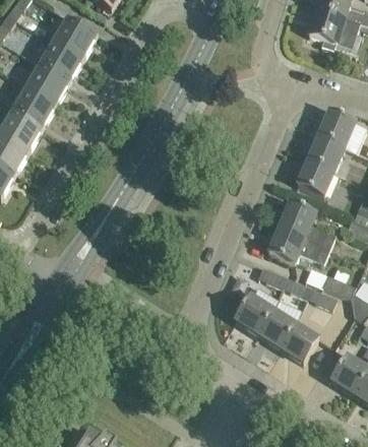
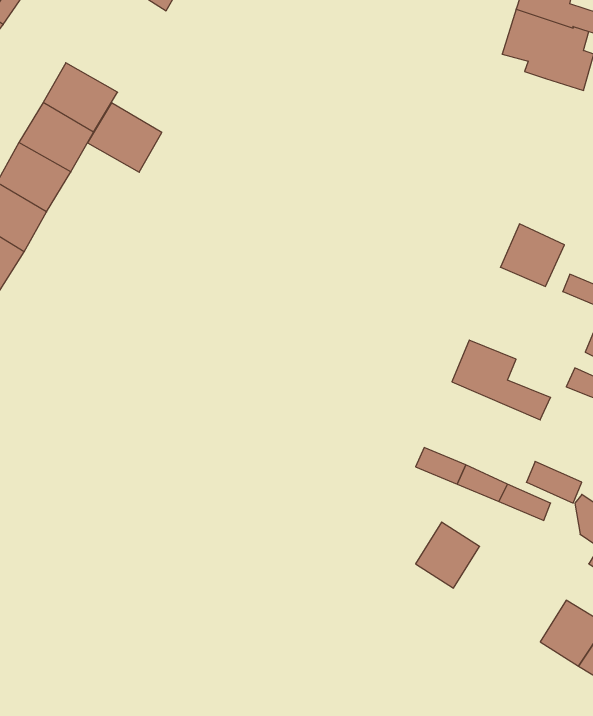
building: [52,16,96,57] -> [87,103,162,172]
building: [318,110,355,146] -> none
building: [297,159,333,195] -> none
building: [267,227,330,263] -> none
building: [234,285,272,333] -> none
building: [280,323,318,362] -> none

